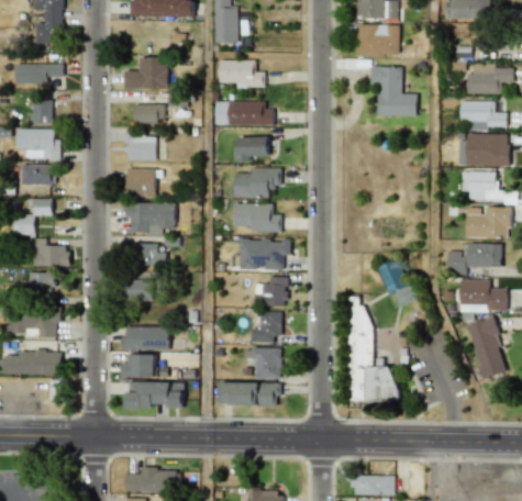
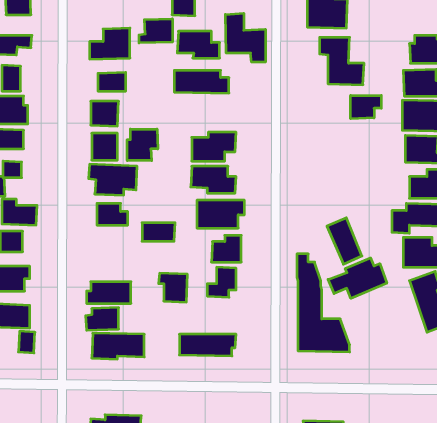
building: none -> [225,13,265,62]
building: none -> [139,19,172,43]
building: none -> [351,95,381,119]
building: [235,136,269,162] -> none
building: none -> [127,129,158,161]
building: [123,280,158,300] -> [142,223,175,241]
building: none -> [328,258,387,298]
building: [251,347,281,378] -> [159,273,187,302]

